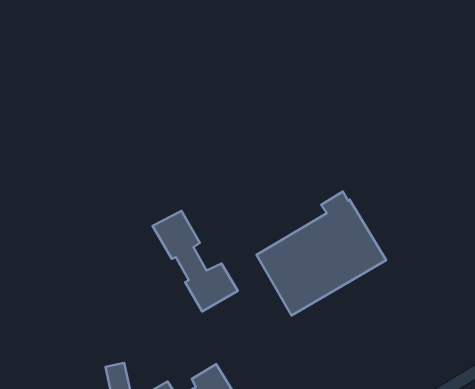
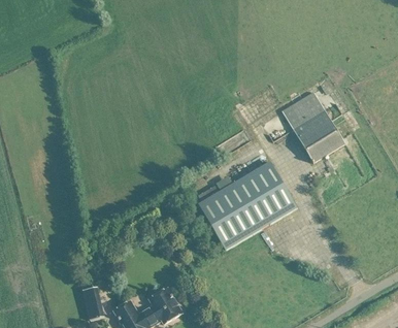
building: none -> [281,91,344,162]
building: [153,211,238,312] -> none

